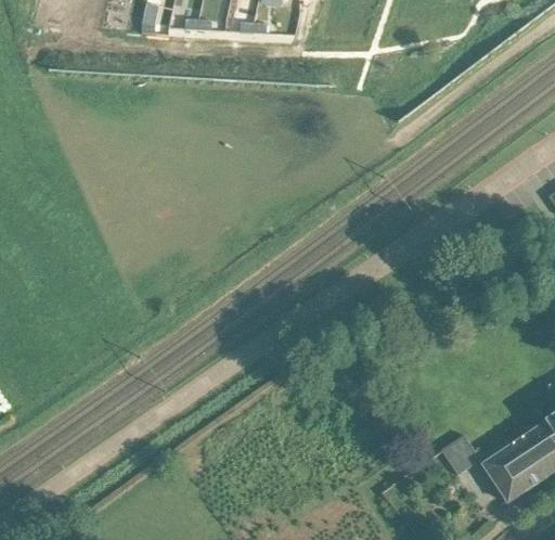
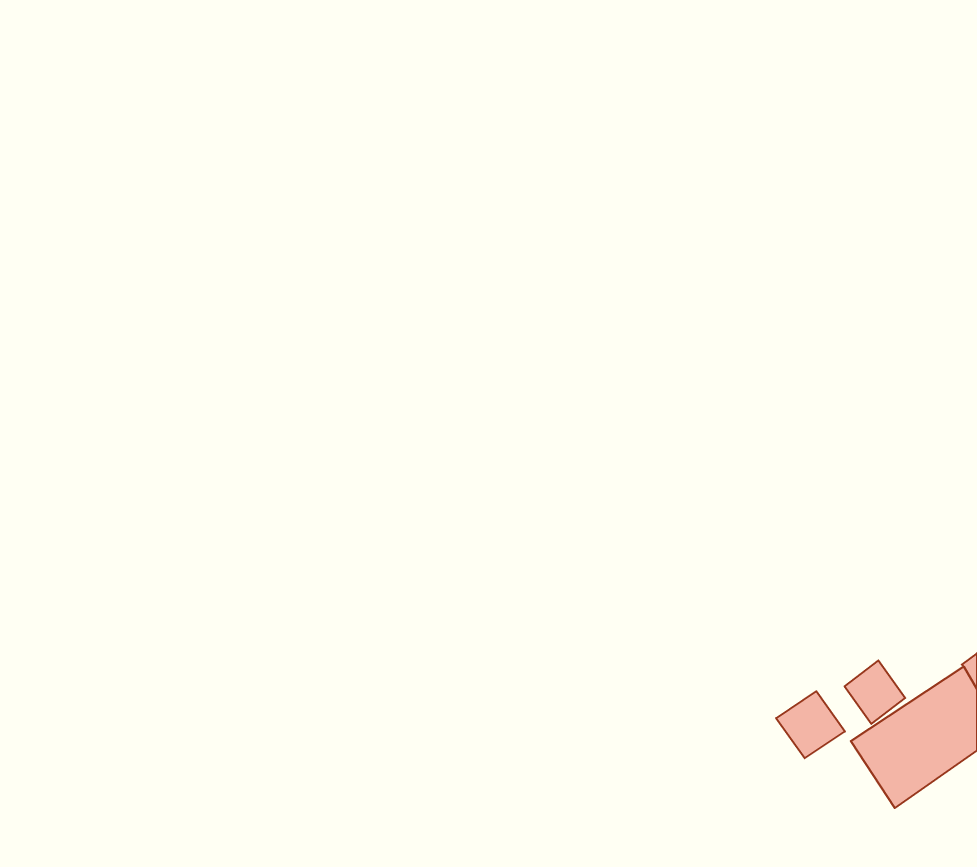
building: none -> [845,660,905,724]

